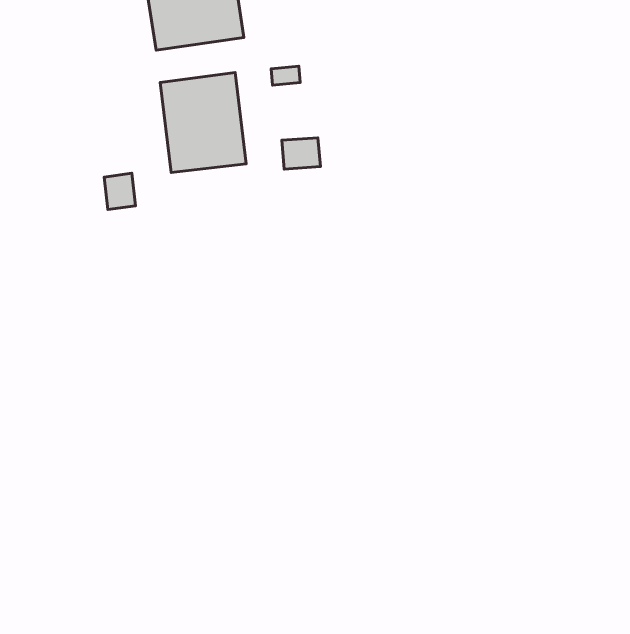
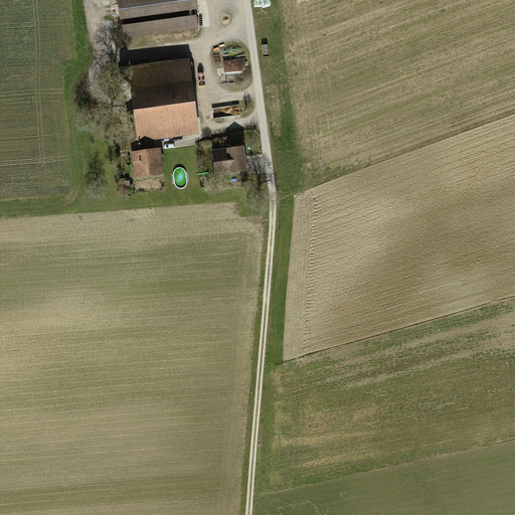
building: [282,138,320,169] -> [213,147,244,172]
building: [104,173,135,210] -> [132,147,157,176]

